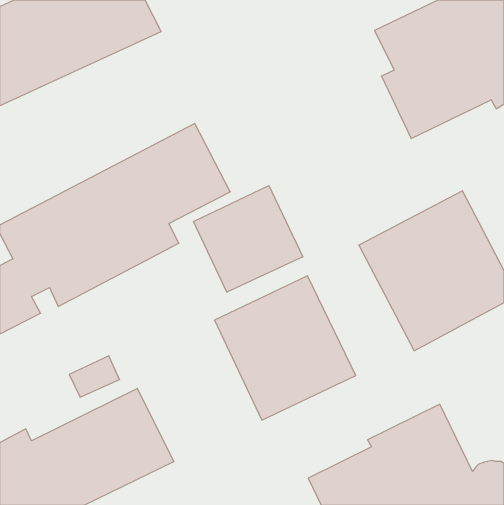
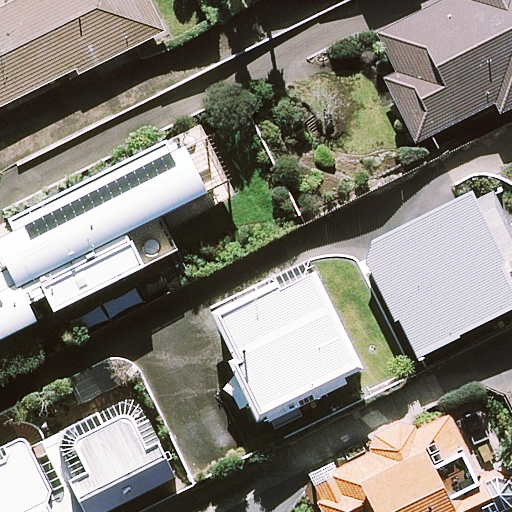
building: [194,186,303,292] -> none

